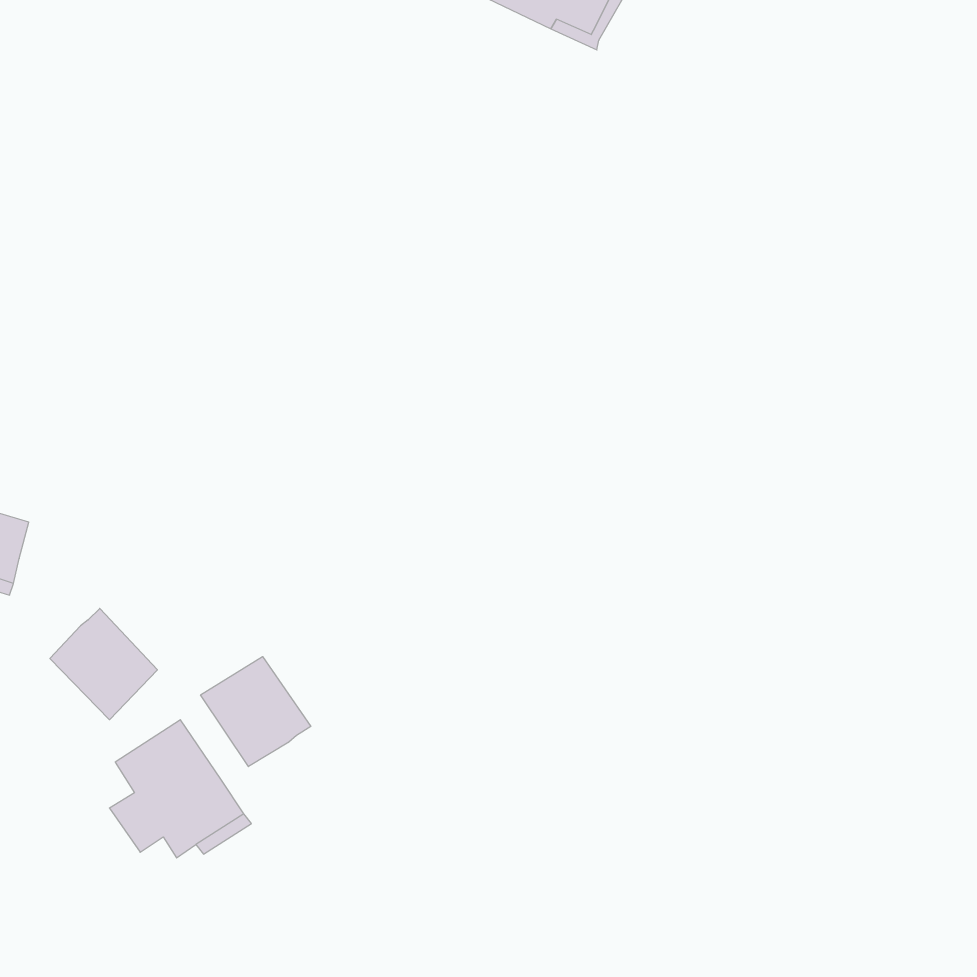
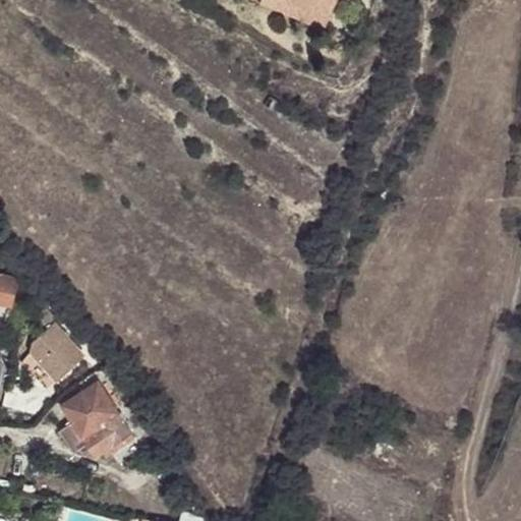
building: [201,657,311,767] -> none

